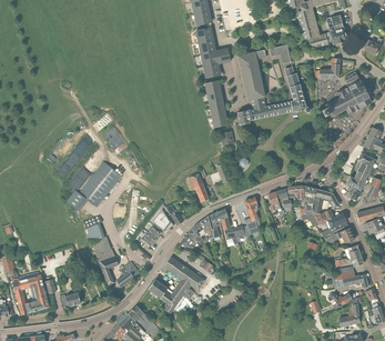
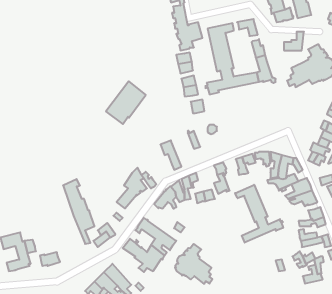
building: [79,160,121,205] -> [106,81,146,124]
building: none -> [235,185,283,243]
building: none -> [175,244,212,284]

